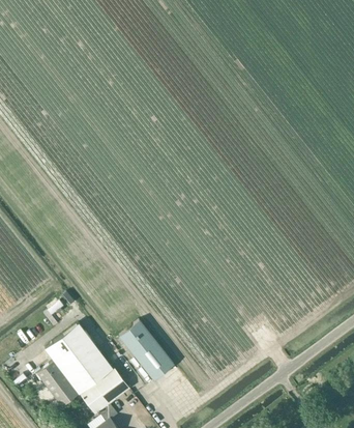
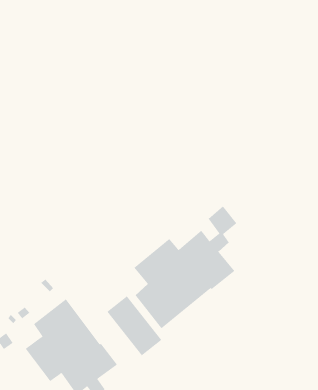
building: none -> [133,206,237,329]

